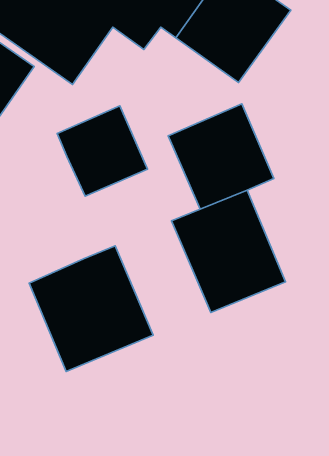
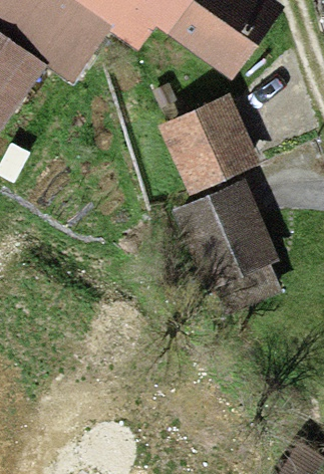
building: [57,106,147,196] -> none
building: [29,246,153,372] -> none

